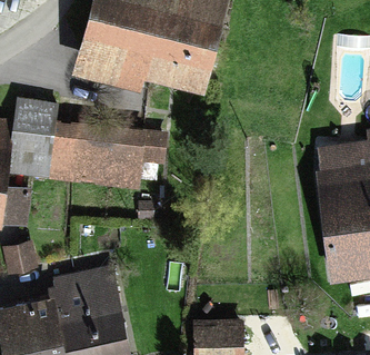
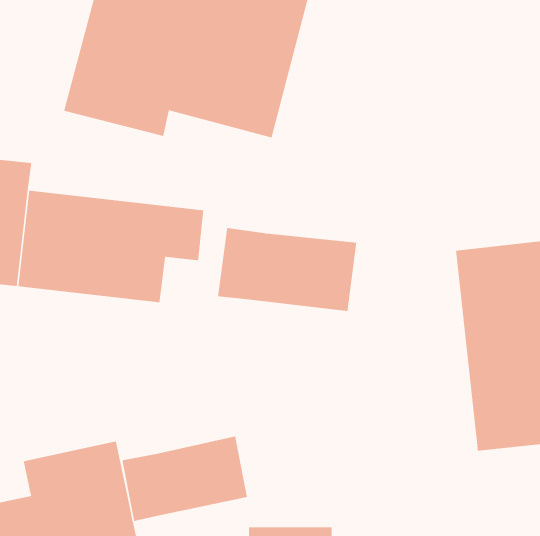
building: none -> [217,227,357,312]
building: none -> [121,436,248,522]

